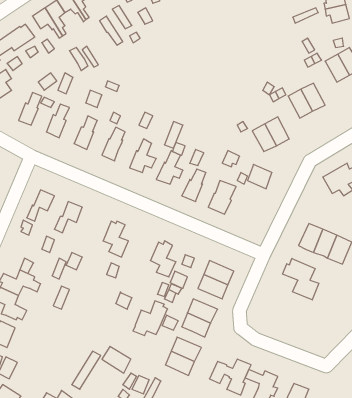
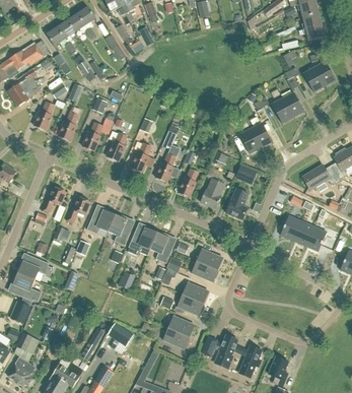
building: none -> [226,188,250,219]
building: none -> [87,206,116,233]
building: [282,258,319,300] -> none
building: [133,301,168,336] -> [127,224,157,255]

